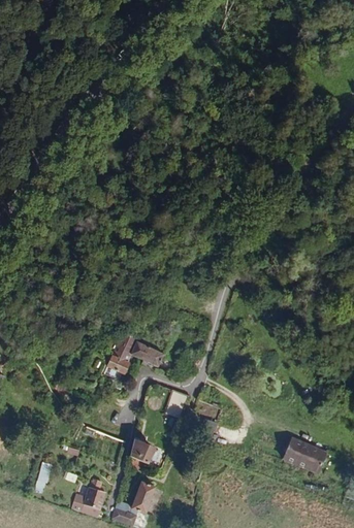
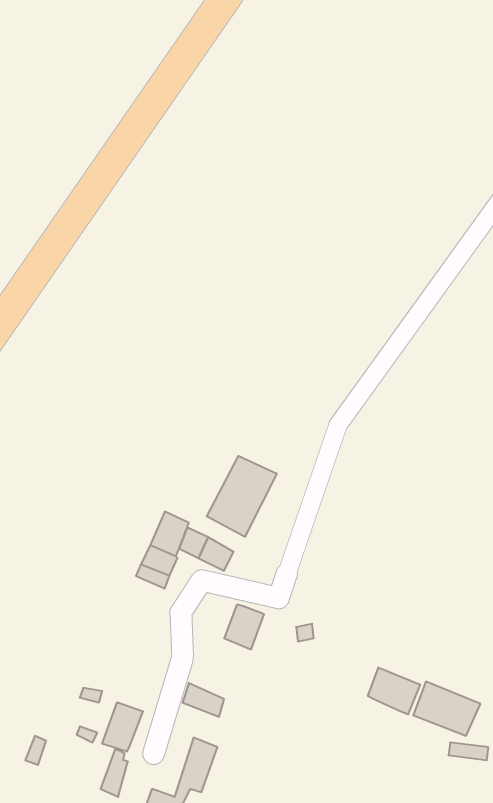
building: none -> [207,456,277,537]
building: none -> [368,667,420,715]
building: none -> [102,702,143,752]

